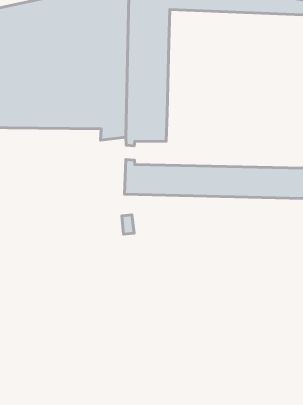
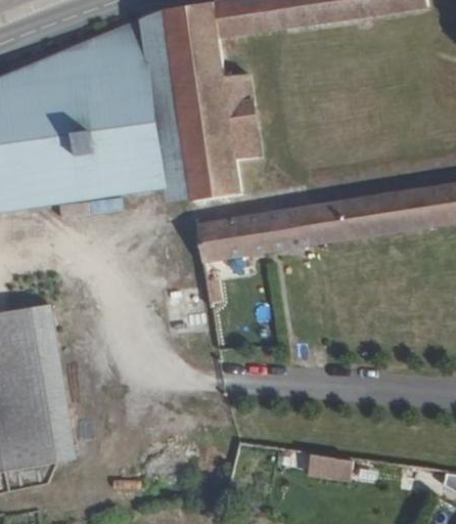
building: none -> [225,74,259,157]
building: none -> [309,450,354,477]

